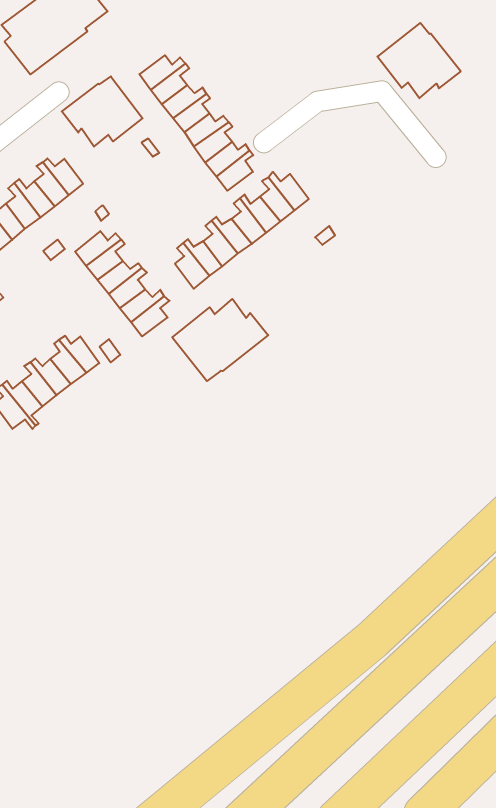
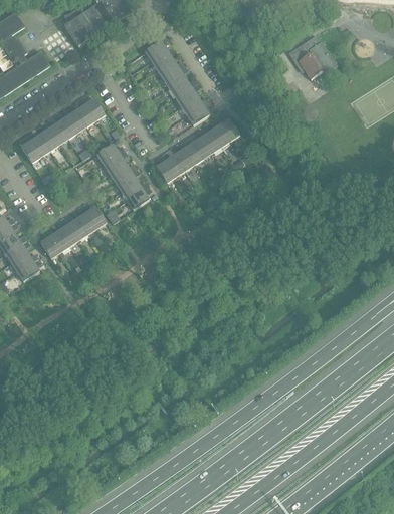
building: [62,76,143,147] -> none
building: [172,299,268,381] -> none

